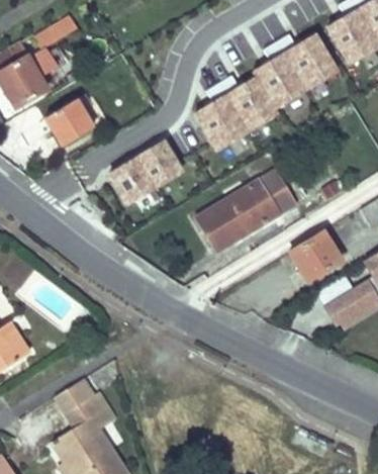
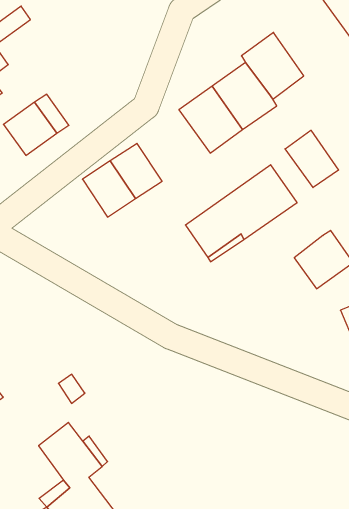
building: [285,35,340,93] -> none
building: none -> [285,130,339,188]

